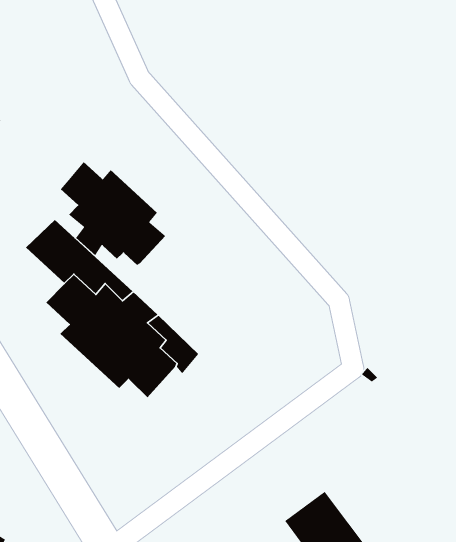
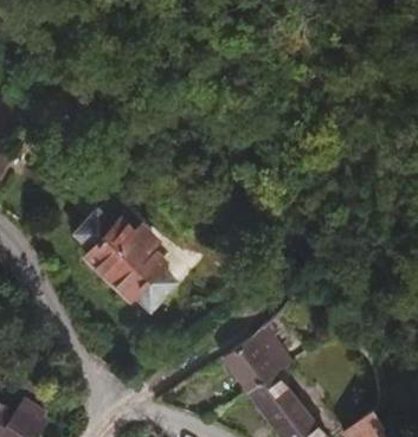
building: [60,161,166,266] -> none
building: none -> [224,329,295,397]

